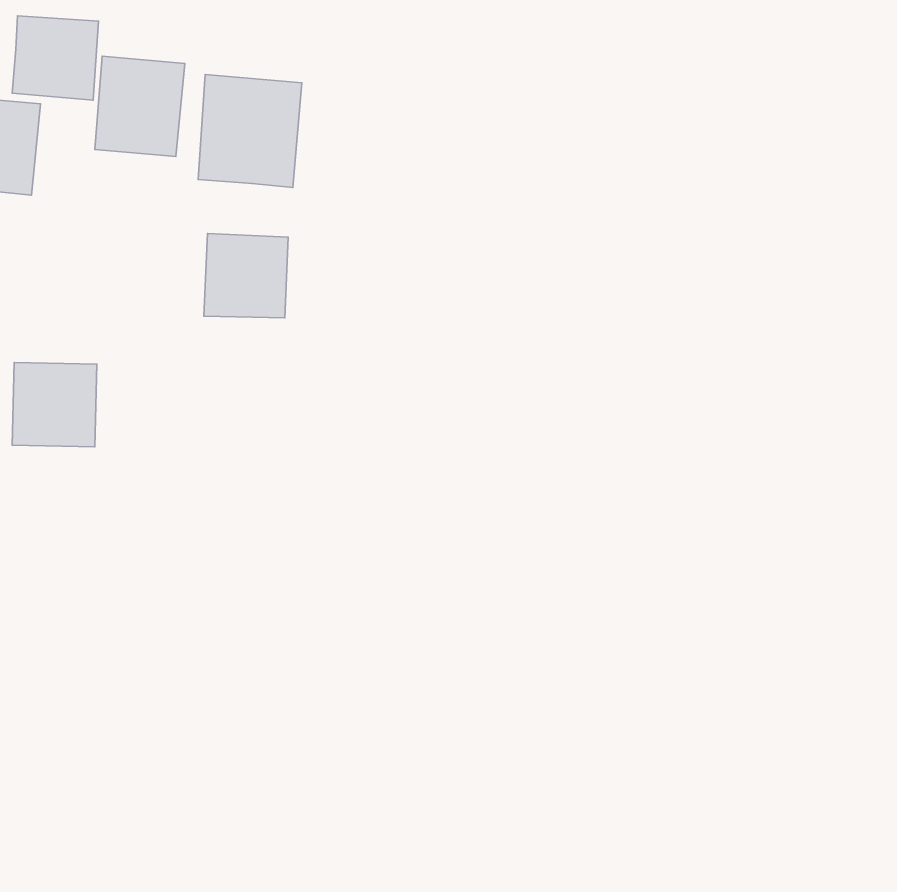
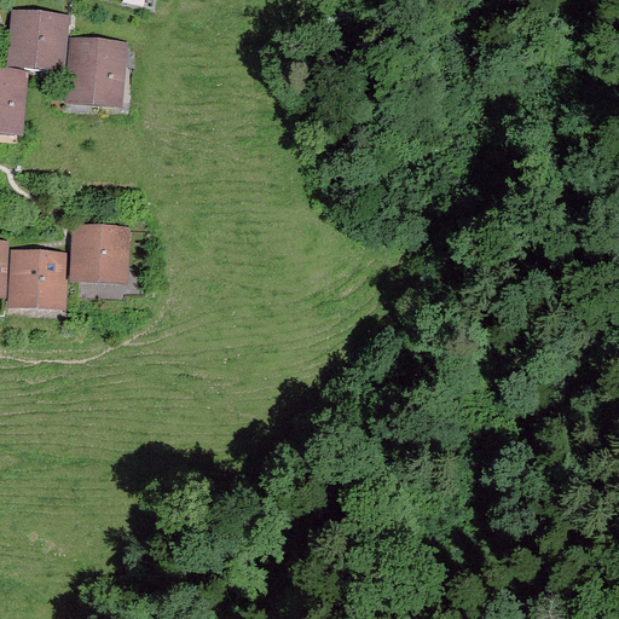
building: [198,75,302,187] -> none
building: [204,233,288,318] -> [70,224,128,282]

